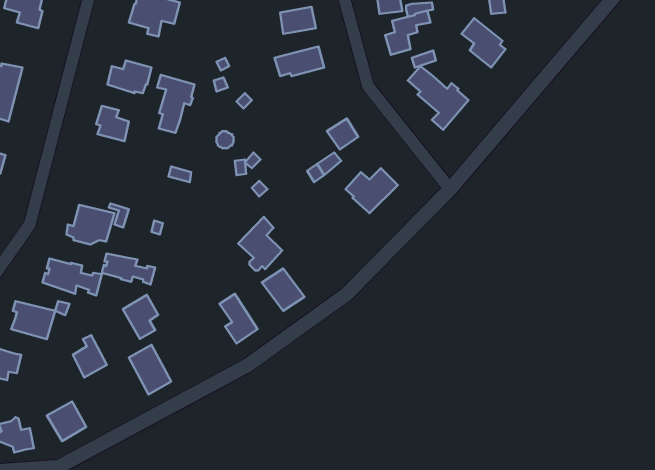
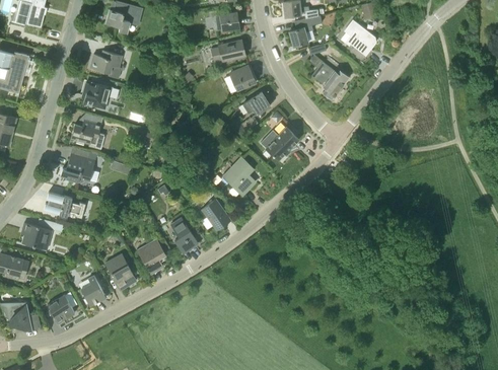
building: [157,75,195,133] -> none
building: none -> [224,67,256,92]
building: none -> [71,121,103,149]
building: [238,217,282,270] -> [223,157,255,196]
building: [102,253,155,285] -> none
building: [123,295,158,339] -> [139,240,164,272]
building: [73,335,107,377] -> [81,275,105,305]

